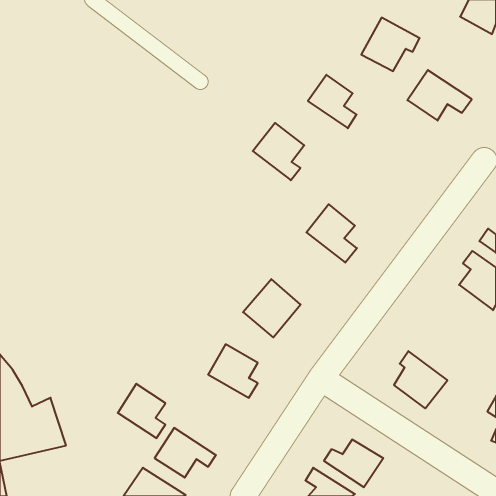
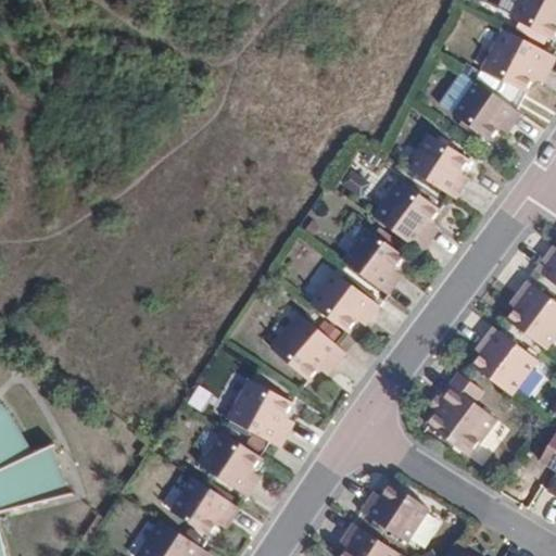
building: [361,18,420,71] -> [483,28,548,88]
building: [308,75,357,128] -> [409,140,464,200]
building: [253,123,304,180] -> [377,186,434,250]
building: none -> [312,275,378,331]
building: none -> [479,326,541,392]
building: [118,384,165,438] -> [203,433,256,494]

